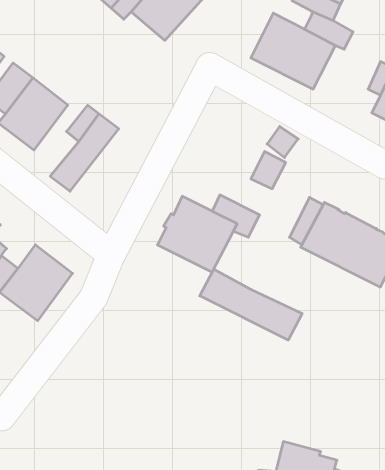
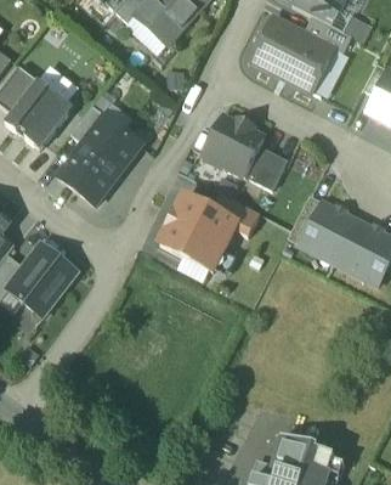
building: none -> [203,114,264,174]
building: none -> [75,129,142,205]
building: [200,269,302,340] -> none

